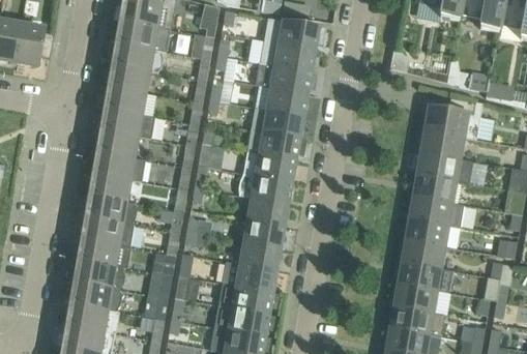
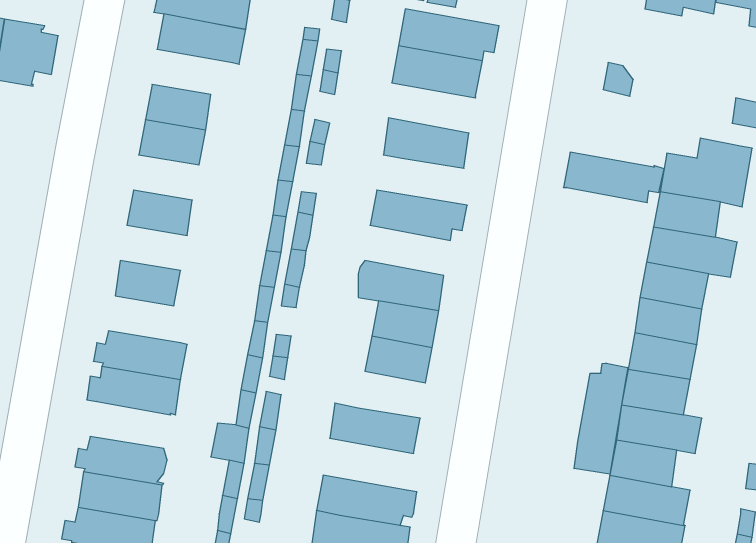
building: [112,42,164,72] -> none
building: [256,63,318,94] -> [563,152,664,203]
building: [94,108,155,139] -> none
building: [251,108,304,138] -> none
building: [92,151,146,181] -> none
building: [243,151,296,182] -> none
building: [79,195,136,224] -> none
building: none -> [574,363,628,474]
building: [239,241,281,270] -> none
building: [67,260,125,289] -> none
building: [217,283,280,315] -> none

